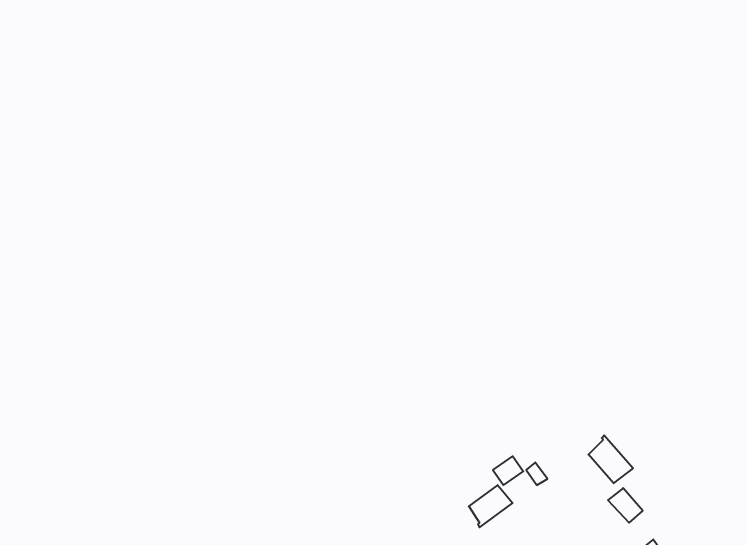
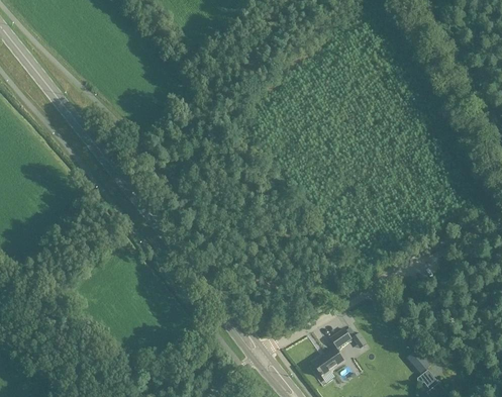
building: [588,435,633,483] -> none

